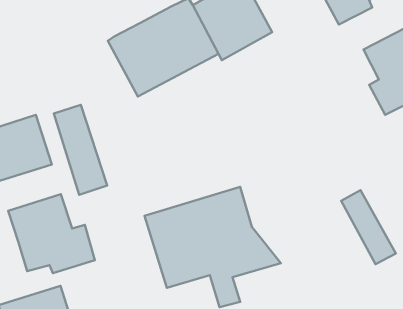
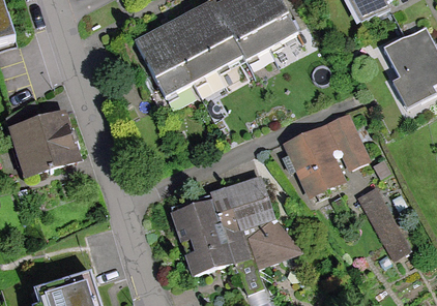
building: [54,105,107,195] -> none
building: none -> [281,114,368,200]
building: [8,194,95,273] -> none

